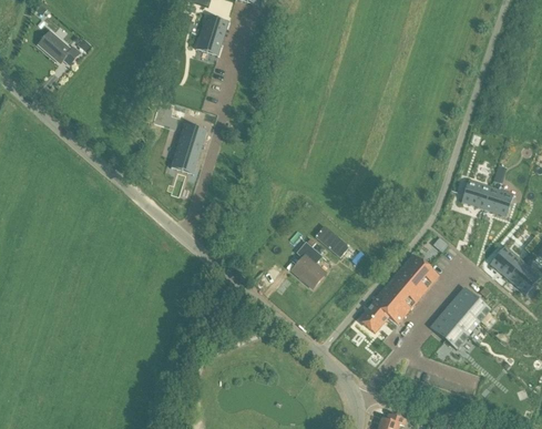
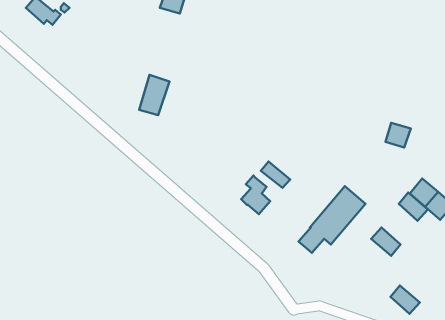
building: [482,187,512,217] -> none
building: [456,290,490,324] -> [399,192,428,221]
building: [432,317,467,350] -> [391,286,420,314]

